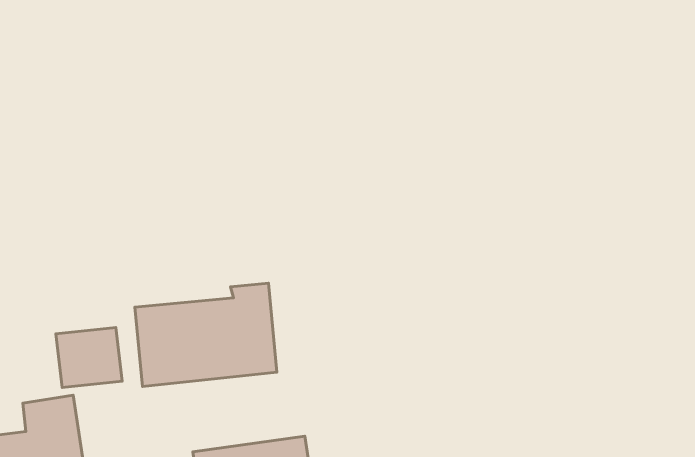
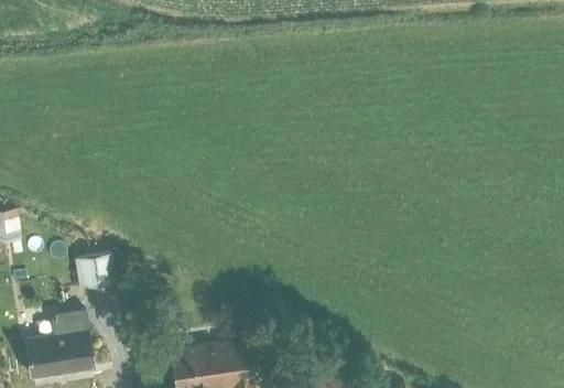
building: [135,283,277,386] -> none

